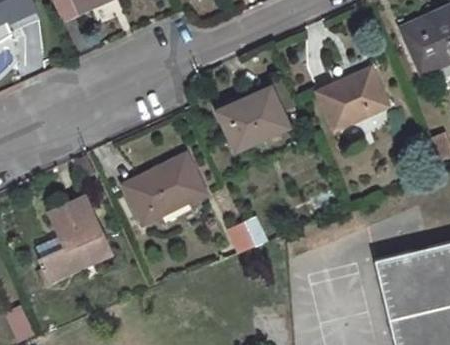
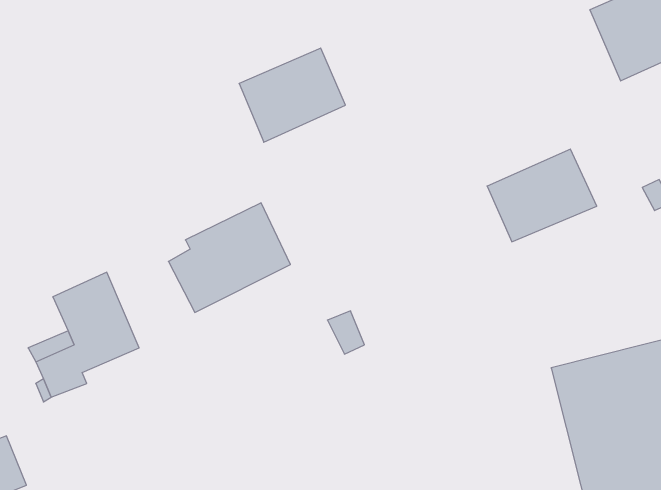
building: [317,68,388,128] -> [487,149,597,242]
building: [219,88,288,149] -> [239,48,345,142]

